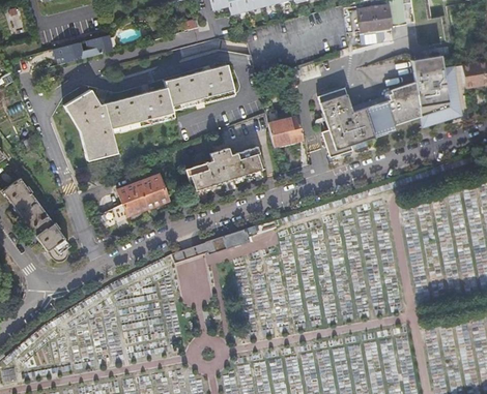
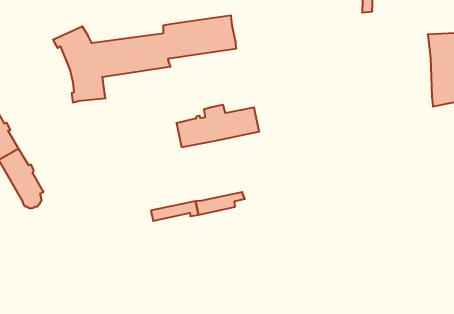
building: [318,82,421,157] -> none
building: [267,113,304,147] -> none
building: [97,174,168,230] -> none

